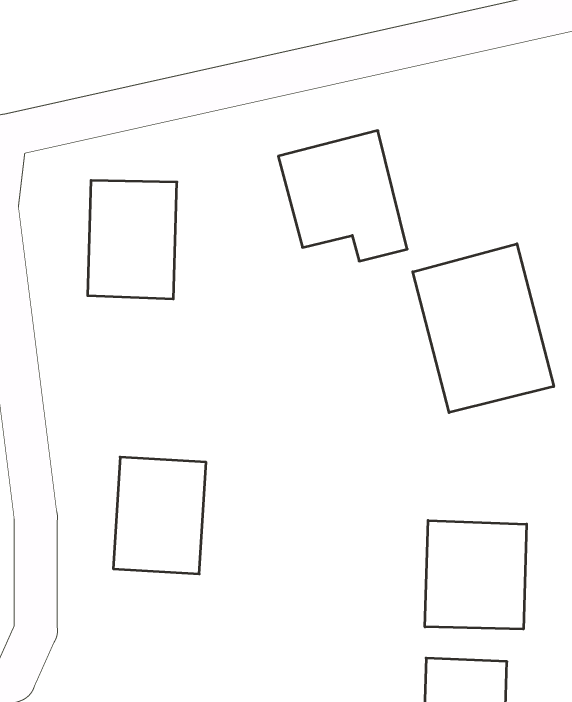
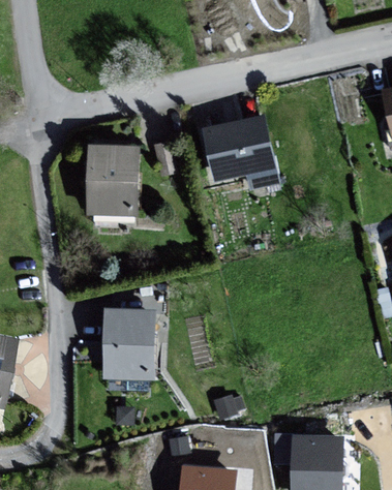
building: [413,244,554,413] -> none
building: [425,520,527,629] -> none

